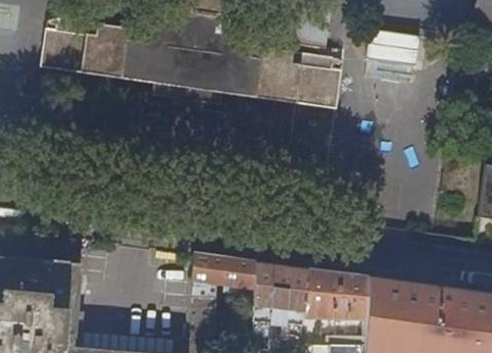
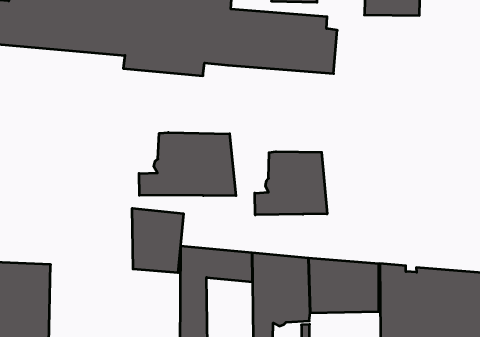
building: none -> [139,132,236,196]
building: none -> [255,152,327,215]
building: none -> [132,208,183,273]

